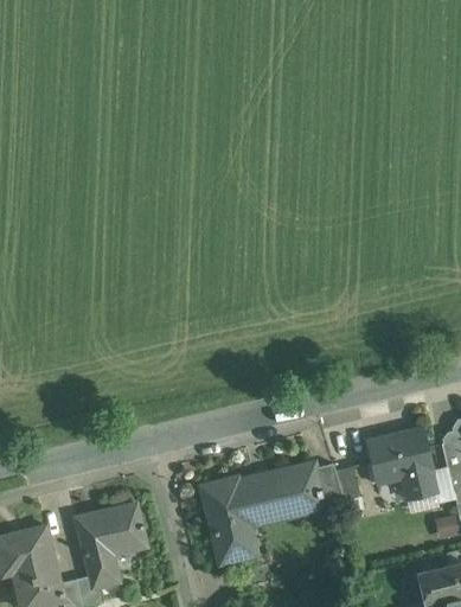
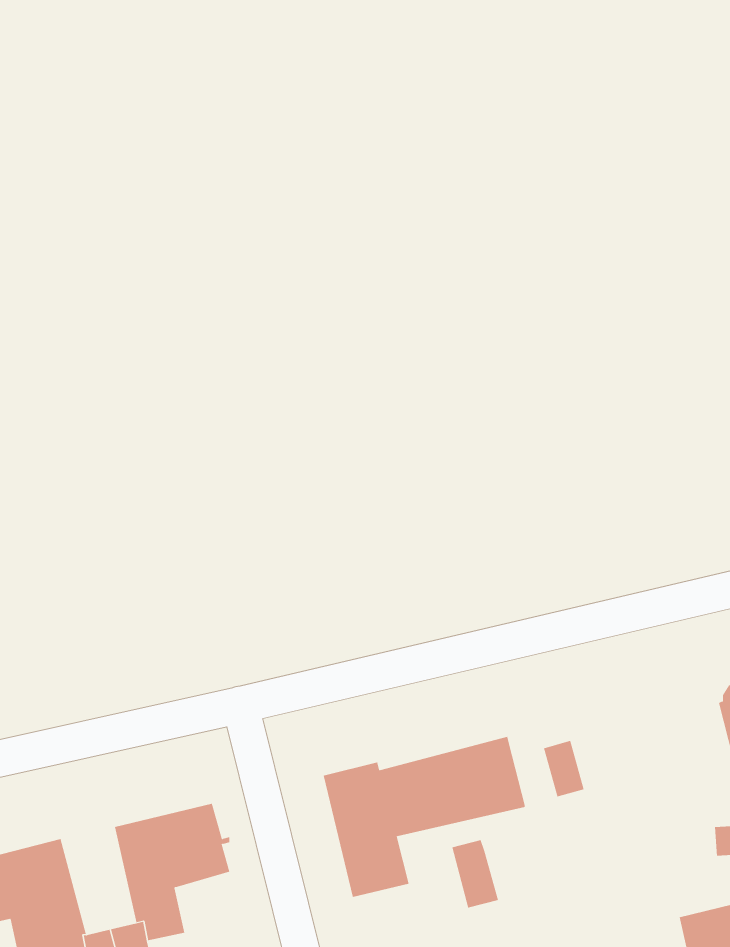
building: [366,427,436,499] -> none
building: [315,464,344,505] -> [452,839,499,908]

